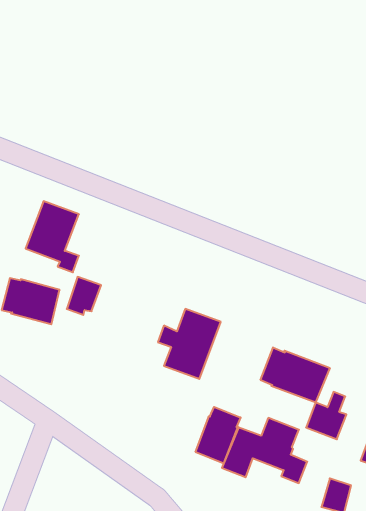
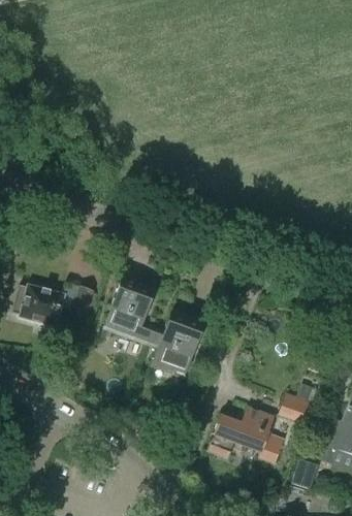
building: [26,201,79,272] -> [107,279,154,341]
building: [261,347,330,403] -> none
building: [196,407,241,464] -> none

